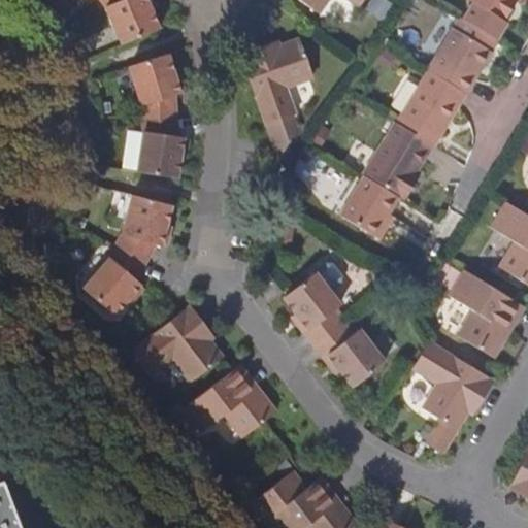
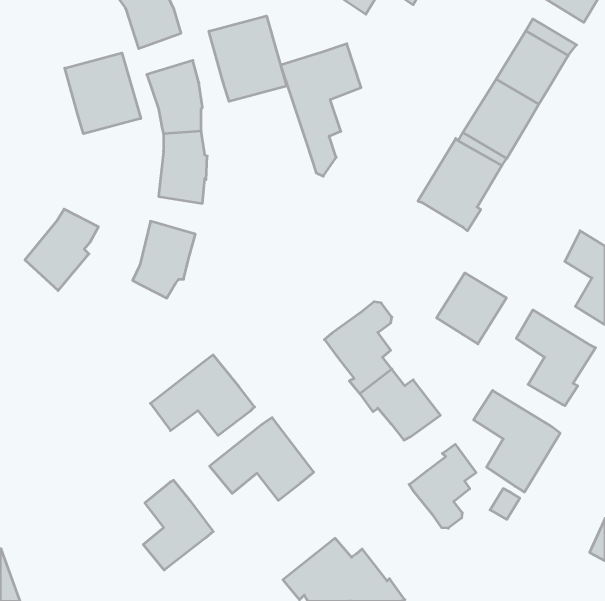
building: none -> [209,16,287,101]
building: none -> [65,53,141,134]
building: [342,176,403,238] -> [437,273,506,344]
building: [81,244,145,316] -> [25,209,98,291]
building: none -> [409,444,476,528]
building: none -> [143,480,213,570]

